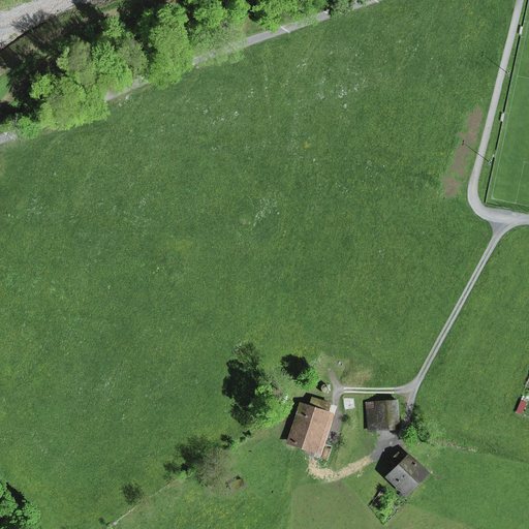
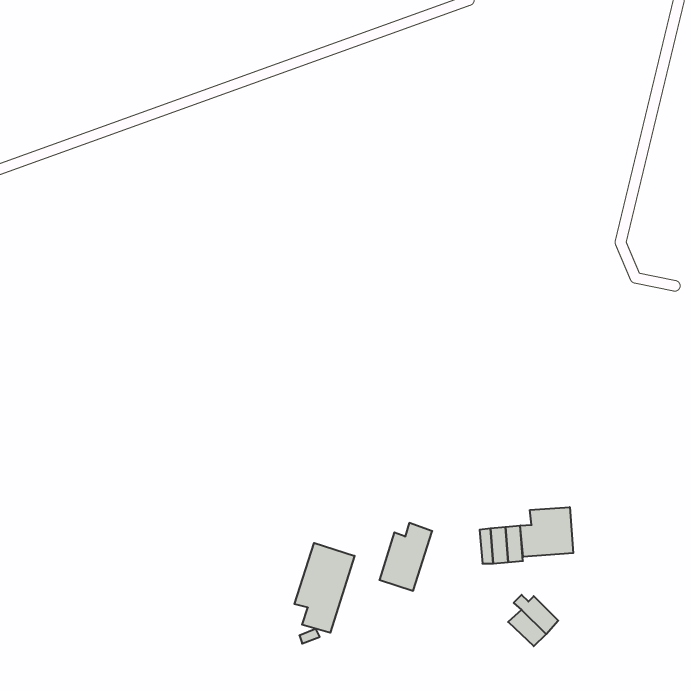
building: none -> [520,507,573,557]
building: none -> [294,543,355,633]

